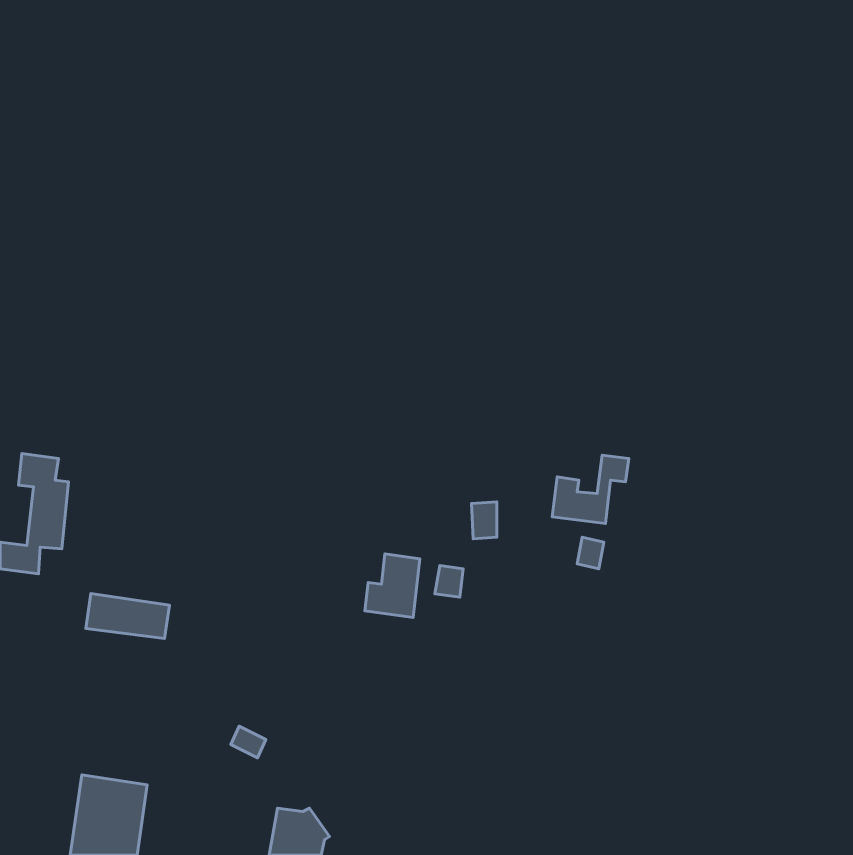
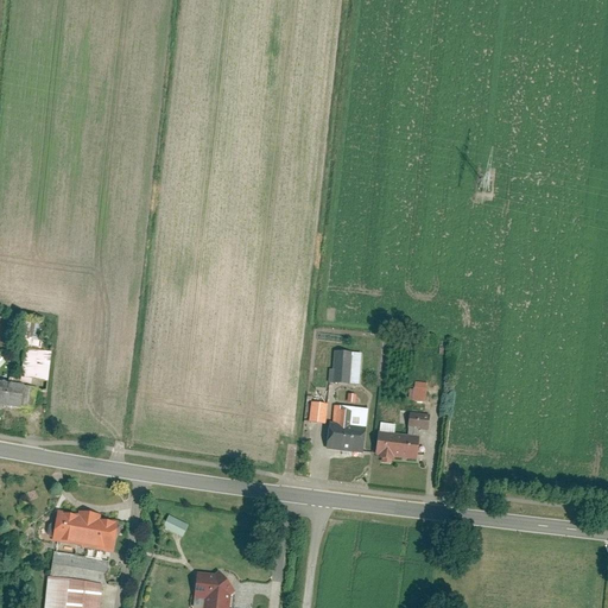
building: [552,455,629,524] -> [373,412,428,461]
building: [365,554,420,617] -> [324,408,363,454]
building: [86,593,169,639] -> [53,512,113,544]

